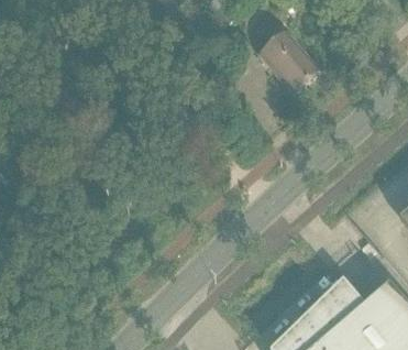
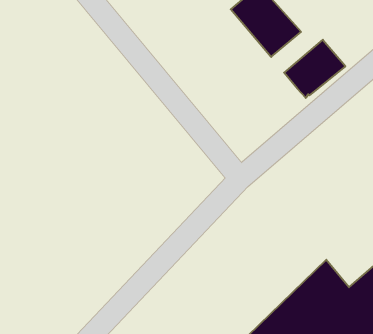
building: none -> [284,40,345,98]

